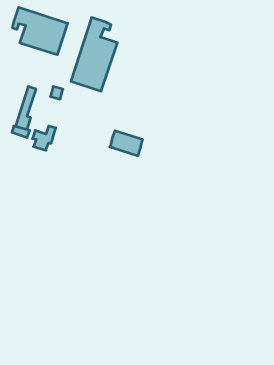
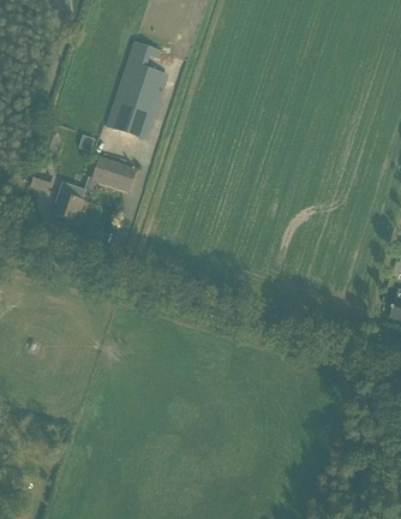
building: [13,7,68,55] -> none
building: [110,131,143,156] -> [91,156,136,190]

